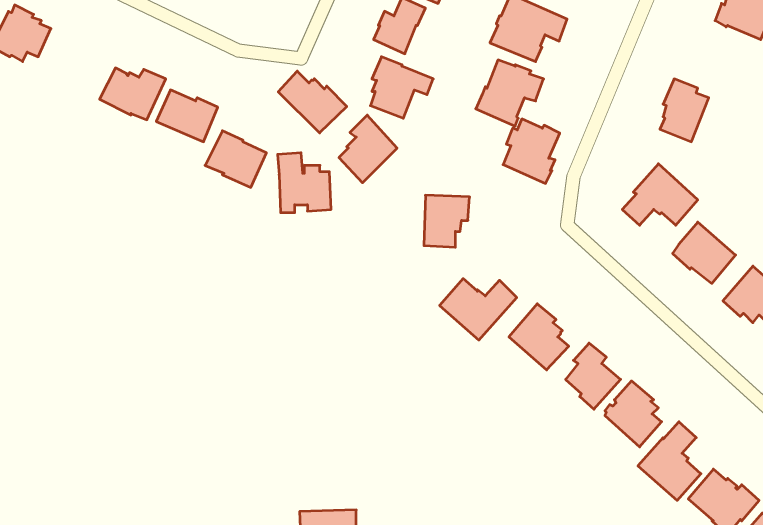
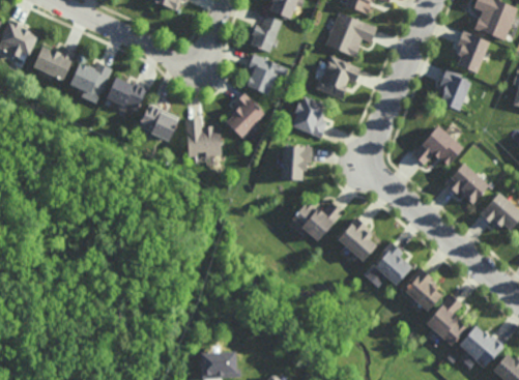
building: none -> [456,32,489,71]
building: none -> [32,45,76,79]
building: [278,71,347,133] -> none
building: [503,119,560,183] -> [292,95,329,138]

